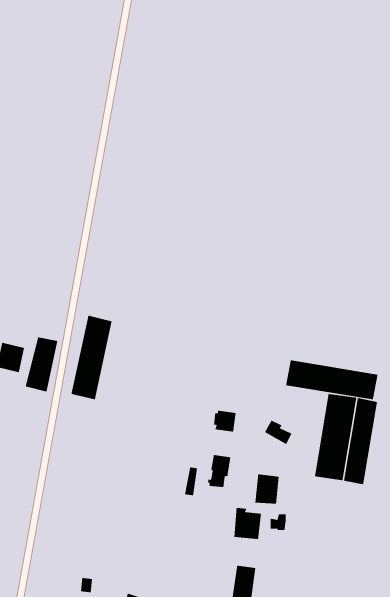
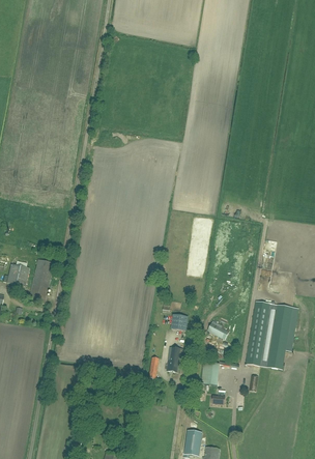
building: [71,315,112,400] -> none
building: [286,359,378,400] -> none
building: [234,507,261,540] -> none

